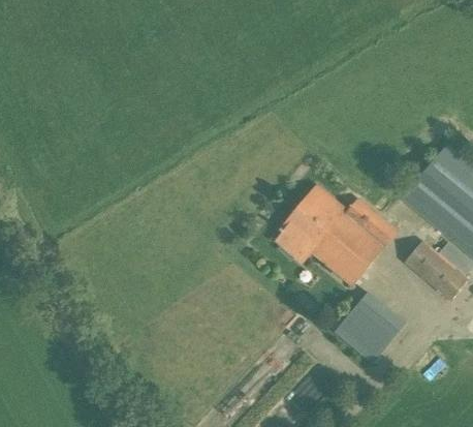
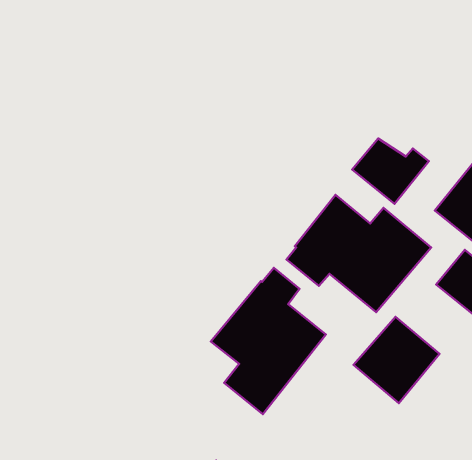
building: none -> [352,138,429,204]
building: none -> [211,268,326,414]

